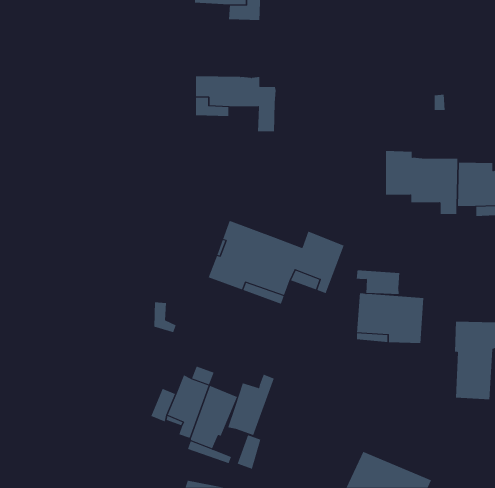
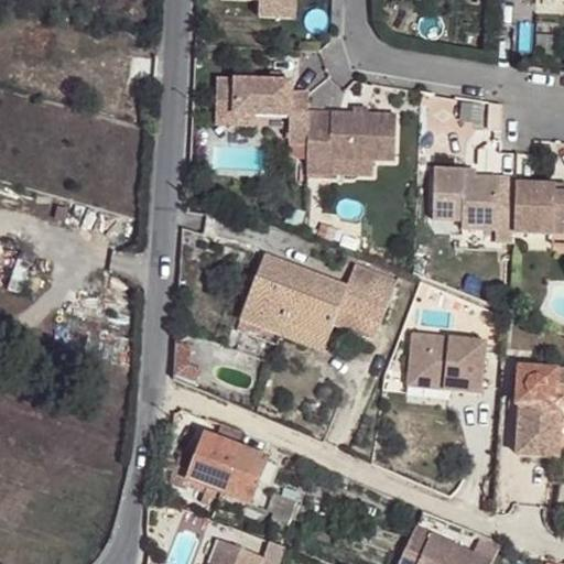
building: none -> [312,117,399,178]
building: [356,269,400,295] -> none
building: [228,374,275,436] -> none

